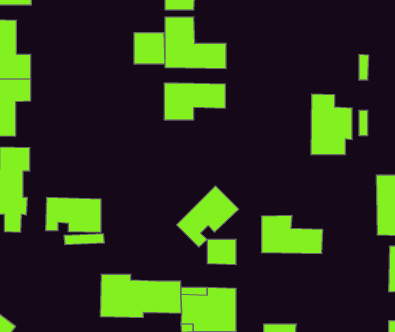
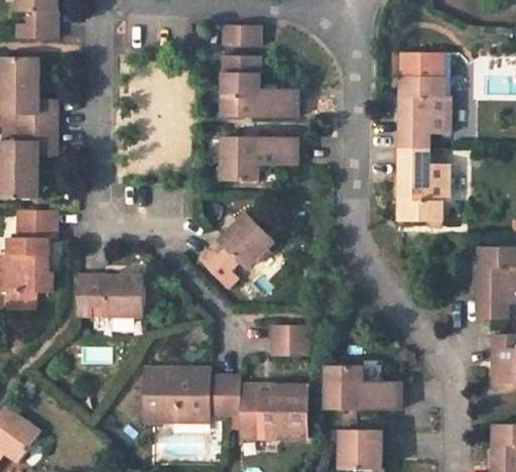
building: none -> [398,52,448,149]
building: [134,33,165,64] -> none
building: [177,186,239,247] -> [197,211,272,285]
building: [261,215,323,253] -> [326,364,400,410]

